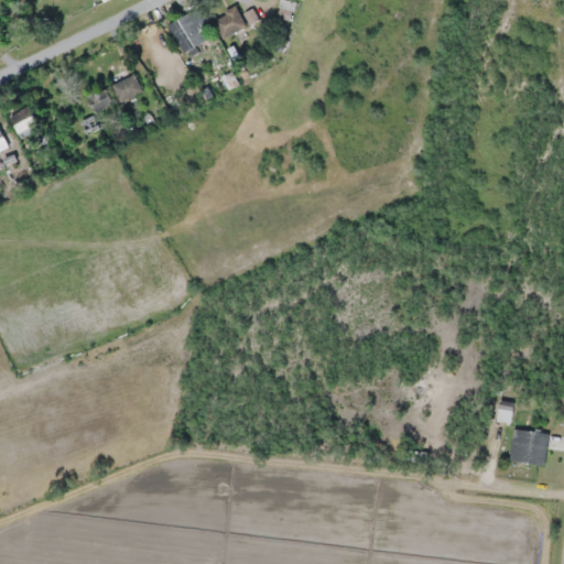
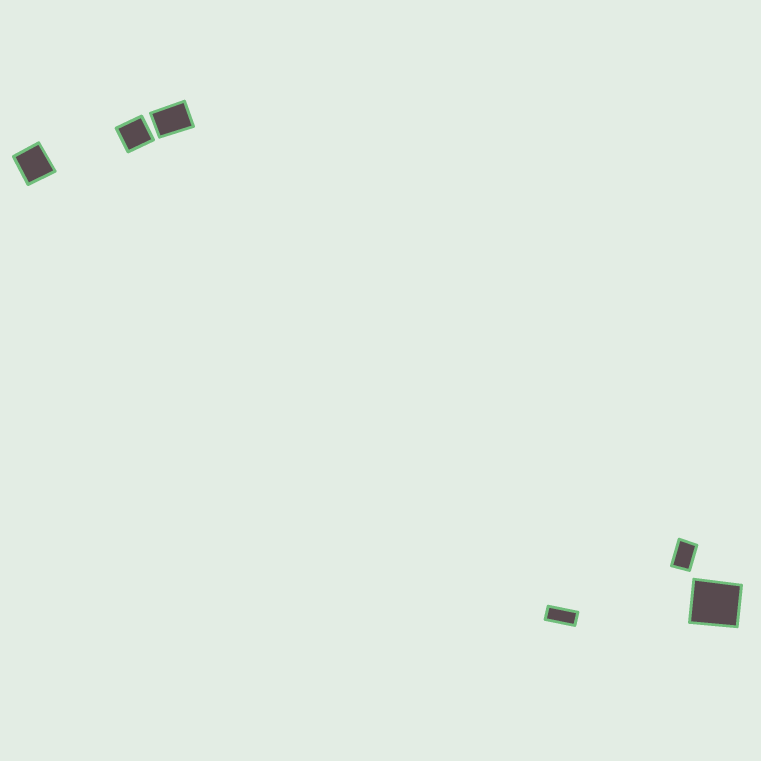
building: [213,7,247,39] -> none
building: [170,17,200,54] -> none

